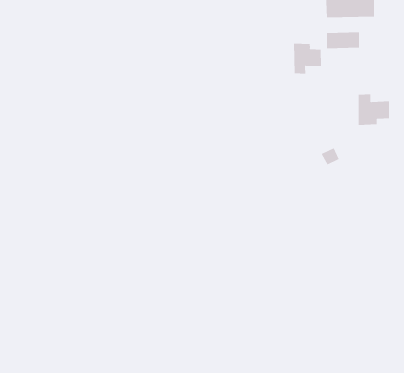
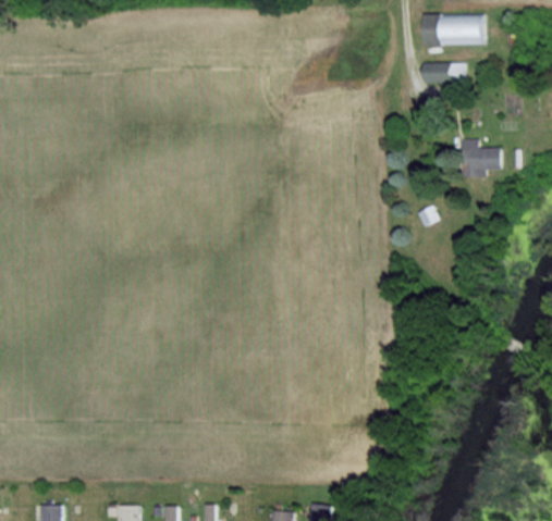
building: [293,43,322,74] -> none

